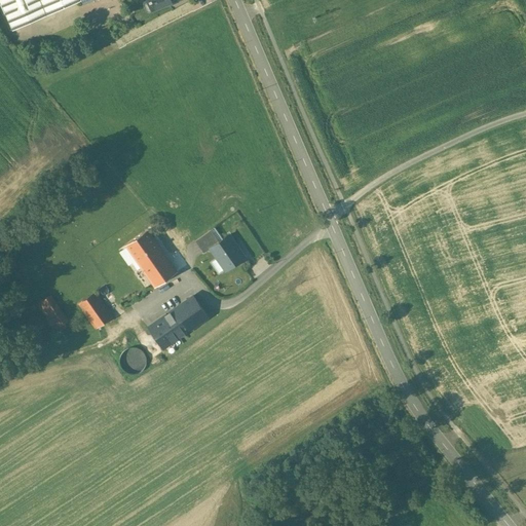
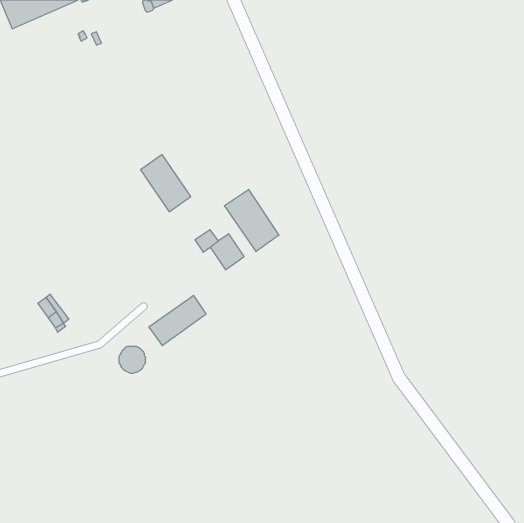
building: none -> [225,189,279,252]
building: [125,230,176,288] -> [141,154,191,212]
building: [78,293,113,330] -> none

